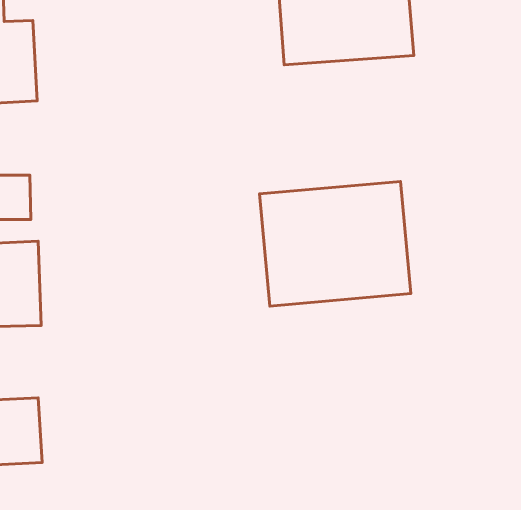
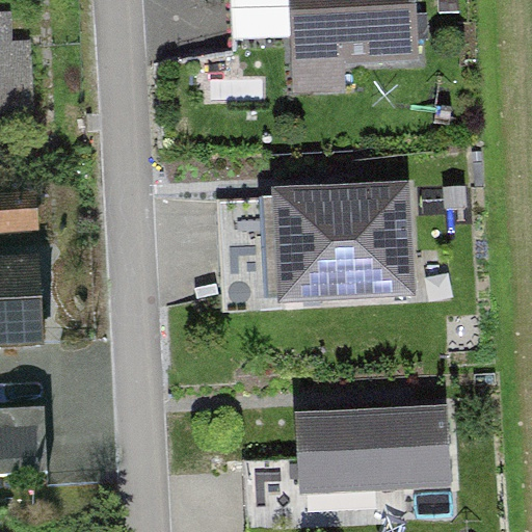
building: none -> [290,406,447,509]

